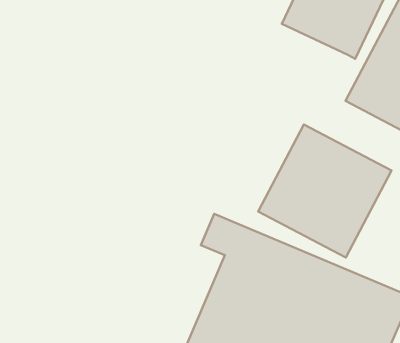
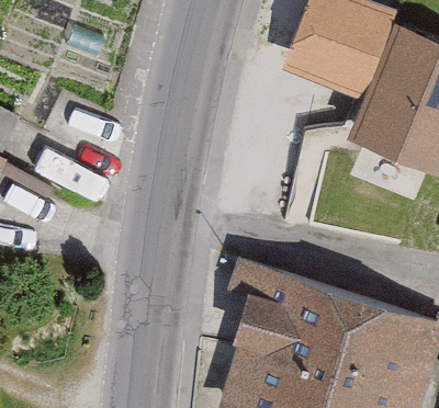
building: [258,124,391,257] -> none

